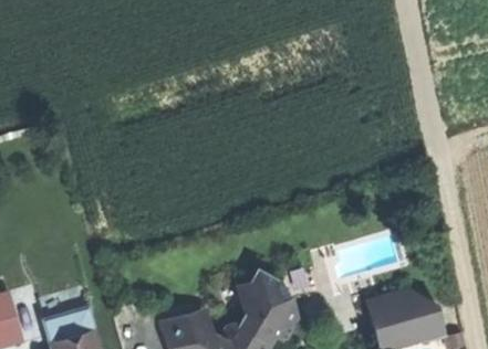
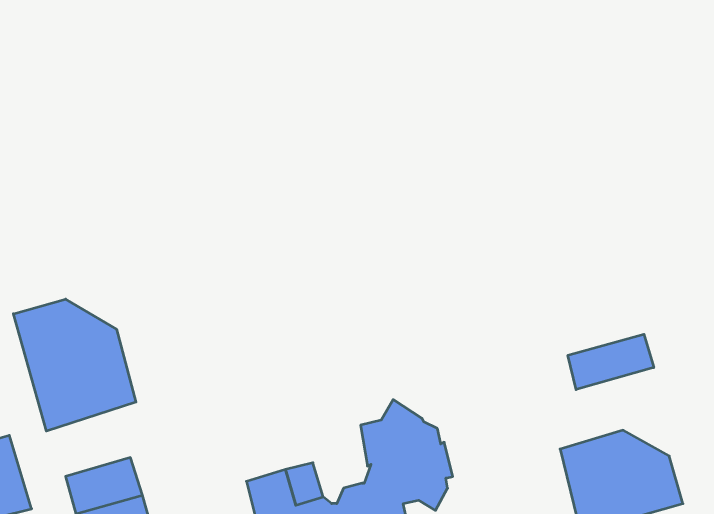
building: none -> [13,299,136,431]
building: none -> [568,334,654,390]

